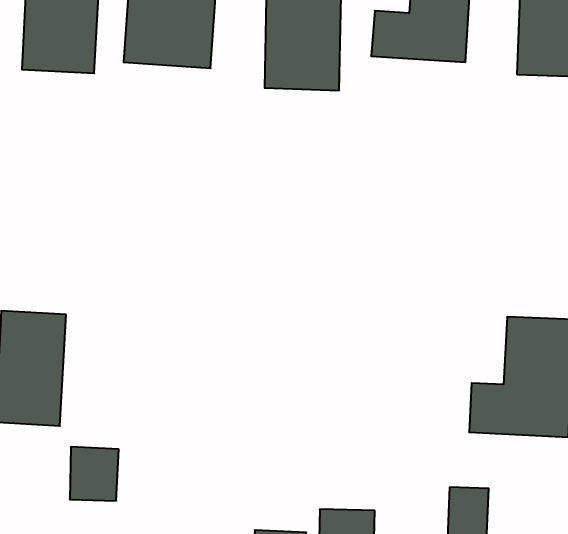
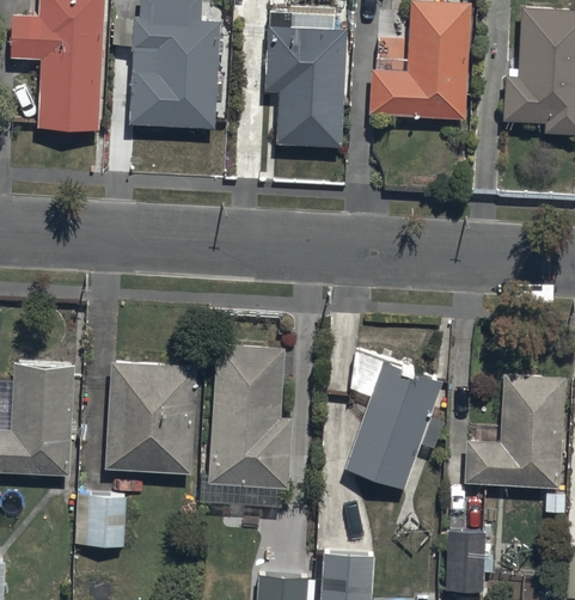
building: none -> [209,342,293,489]
building: none -> [344,353,441,488]
building: none -> [106,361,195,470]

